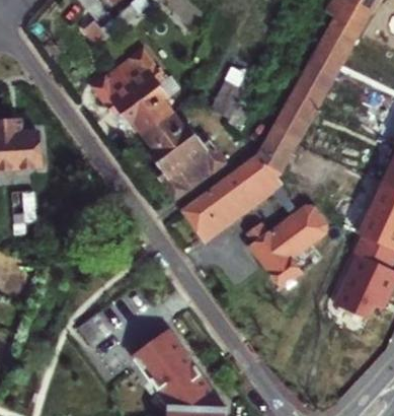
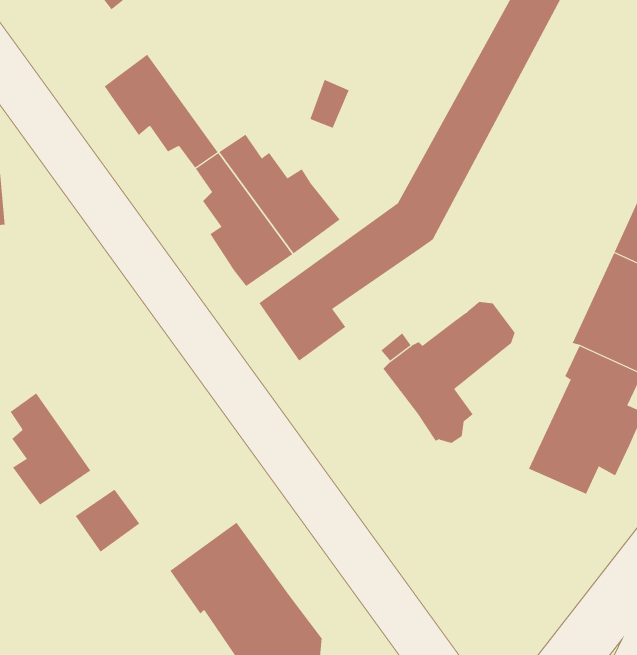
building: [121,51,175,125] -> none
building: [224,179,298,222] -> none
building: none -> [10,393,91,506]

